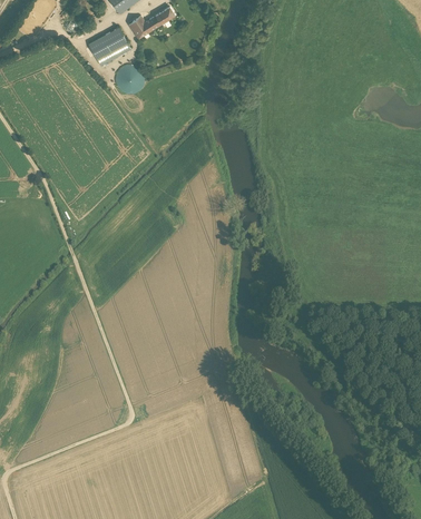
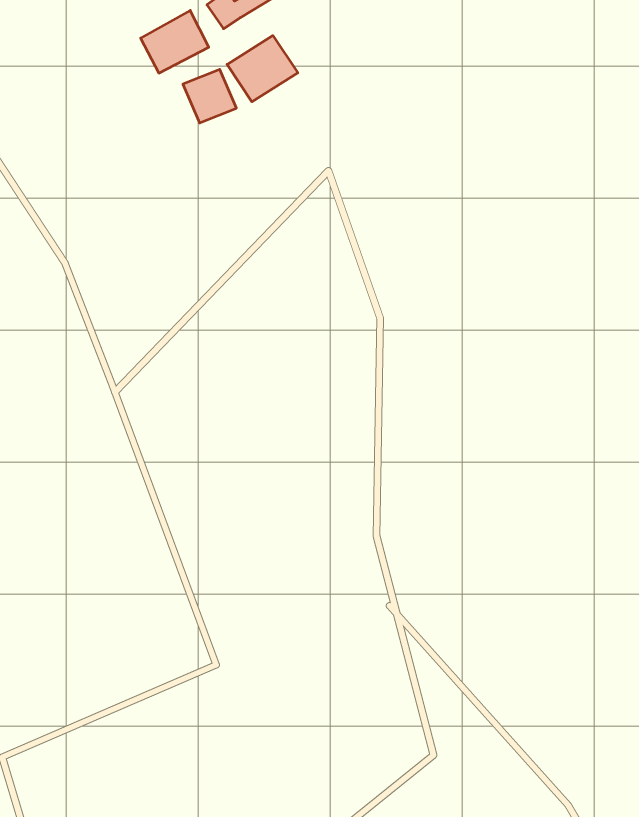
building: none -> [227,36,298,102]

